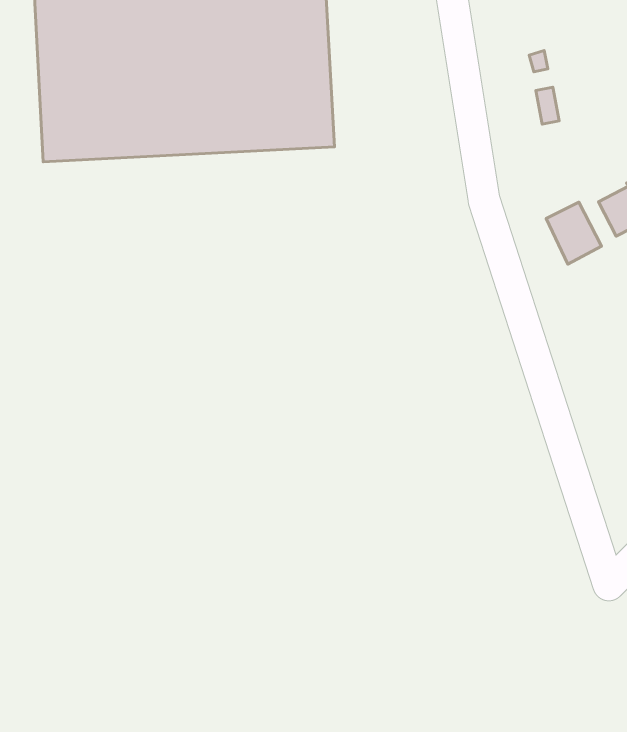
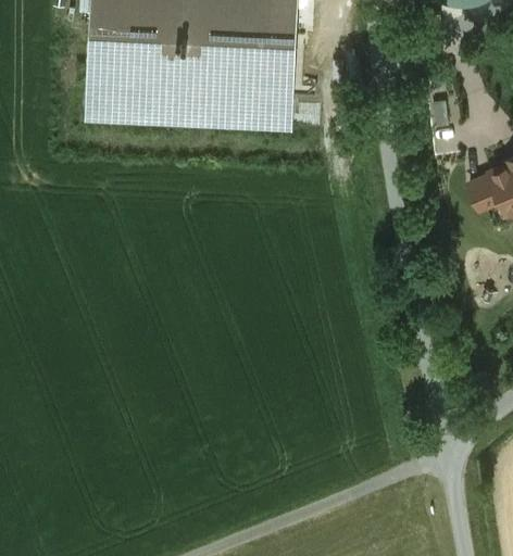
building: [546,202,601,264] -> none

